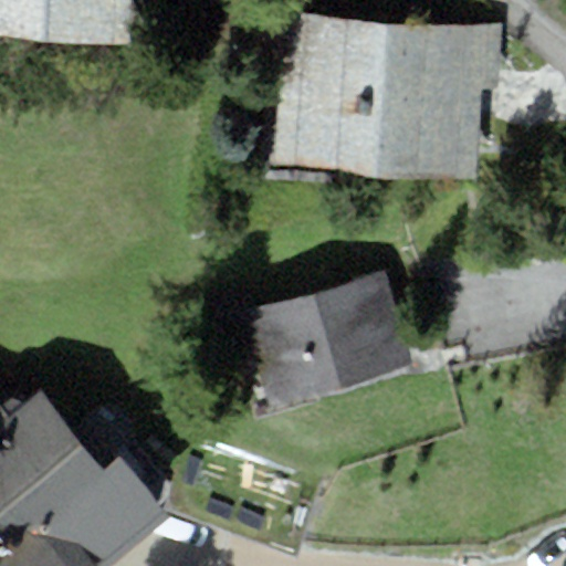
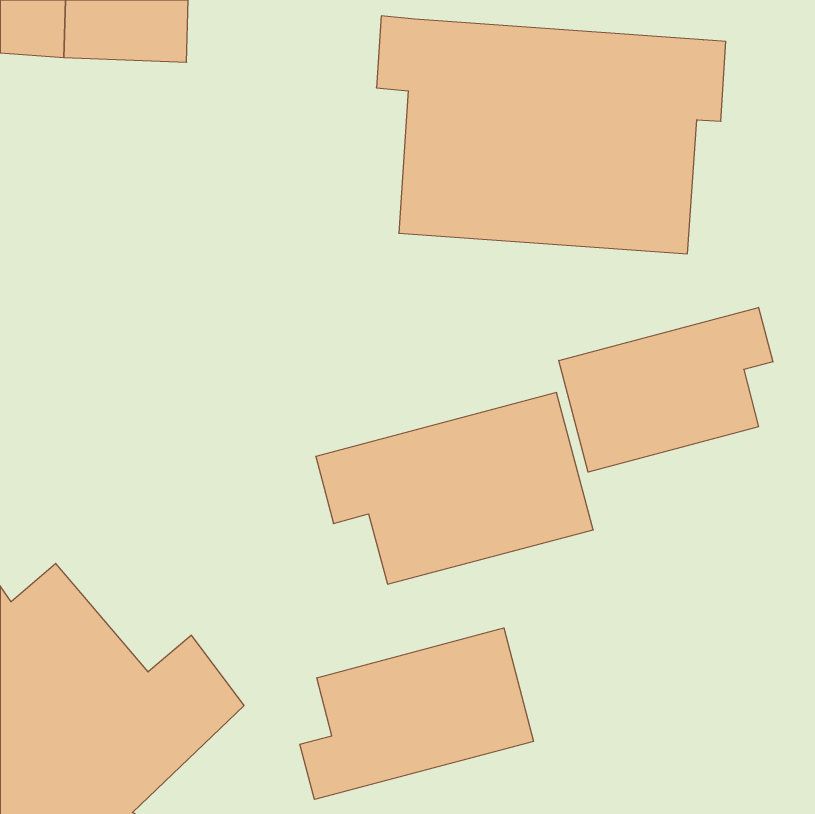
building: none -> [559,307,773,472]
building: none -> [300,628,534,799]

